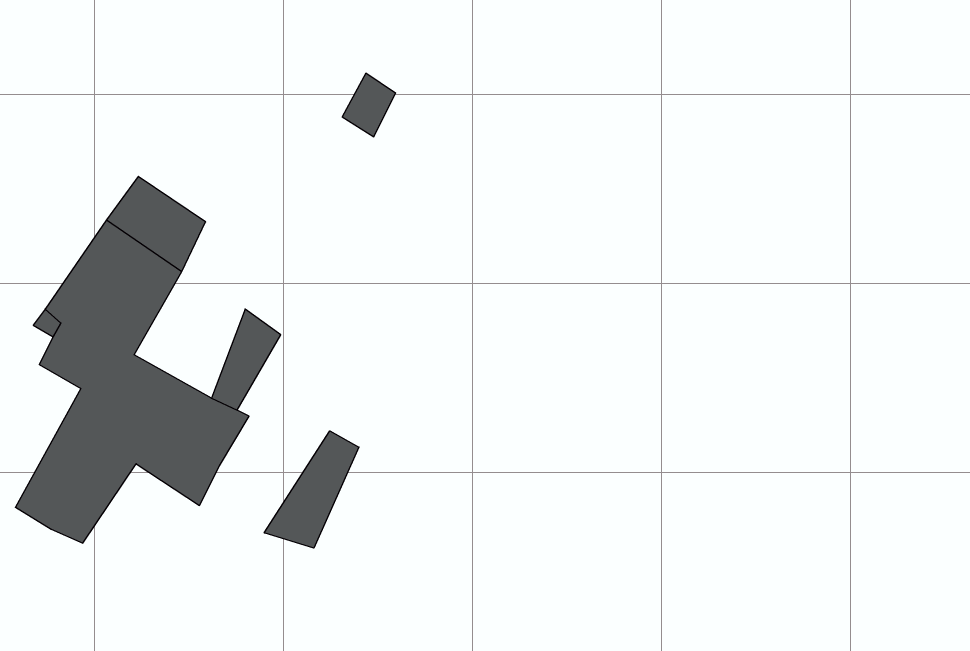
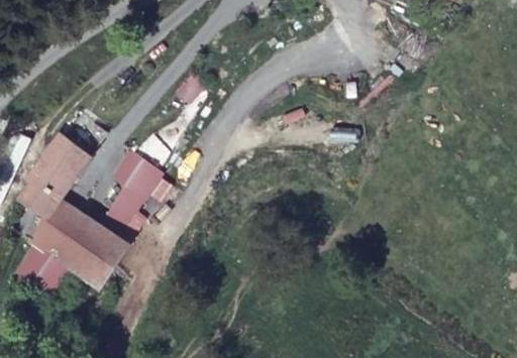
building: none -> [114,141,166,195]
building: [264,431,359,548] -> none

